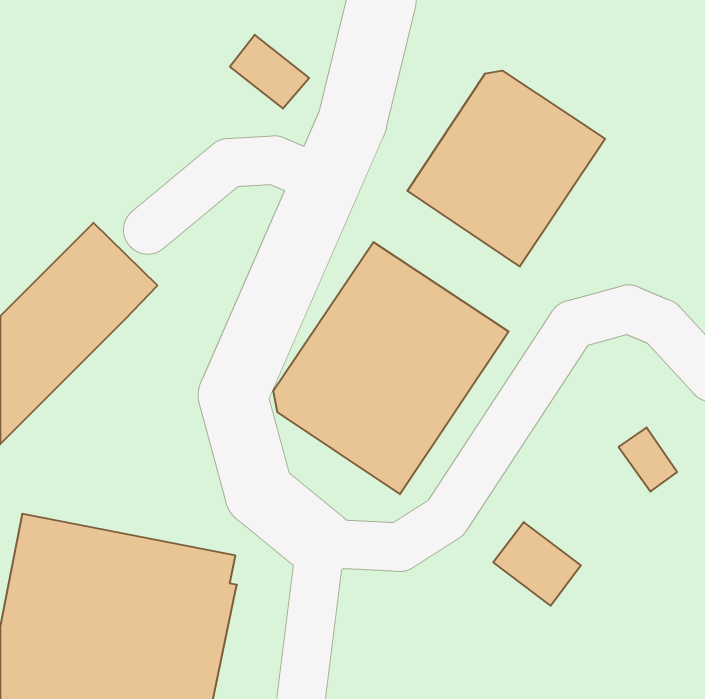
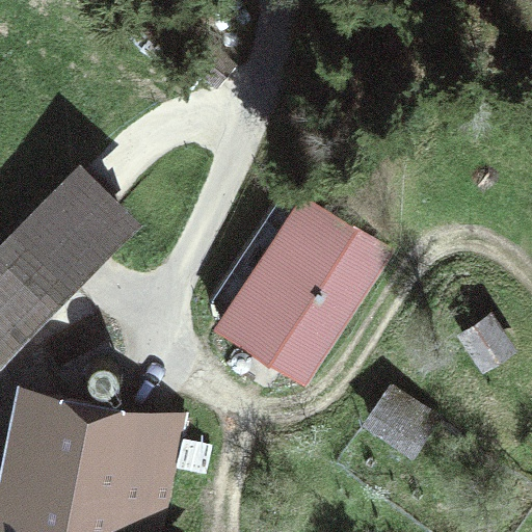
building: [407,71,605,267] -> none

